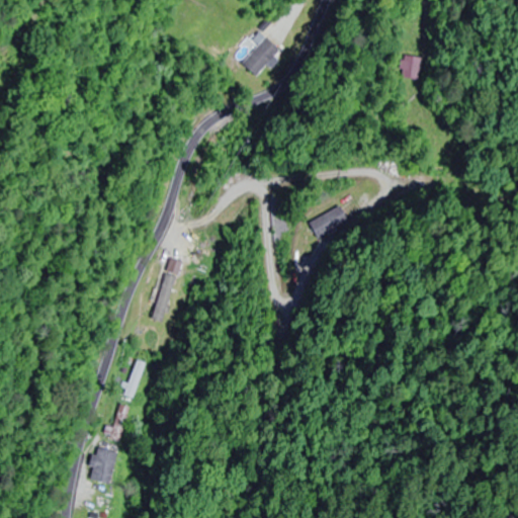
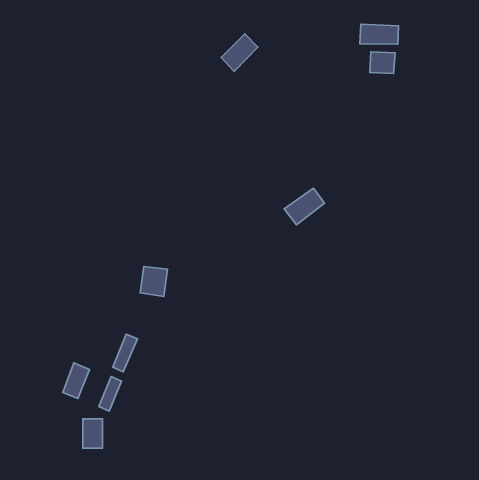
building: none -> [360,24,398,44]
building: none -> [63,363,90,398]

